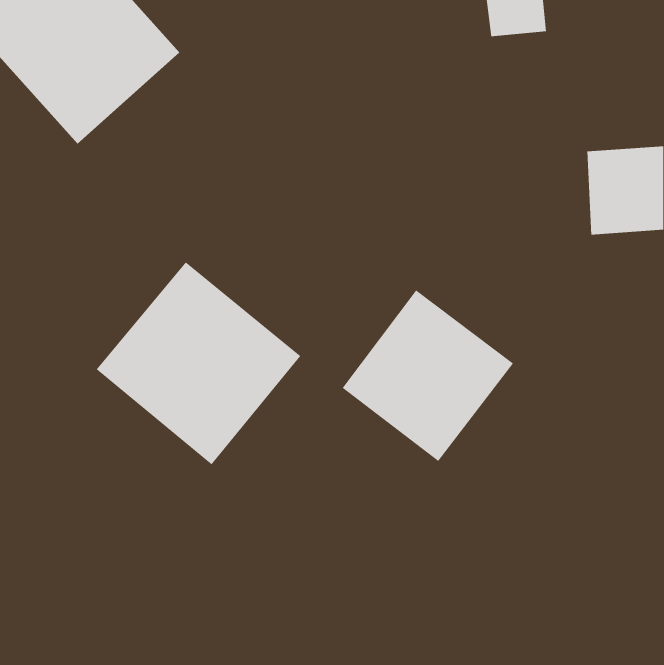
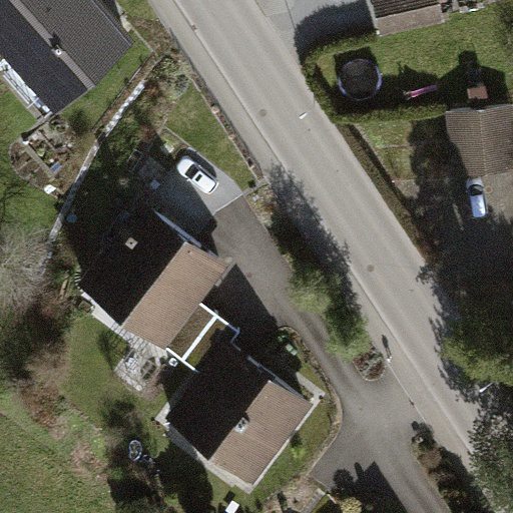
building: [342,290,514,462] -> none
building: none -> [159,339,316,493]

